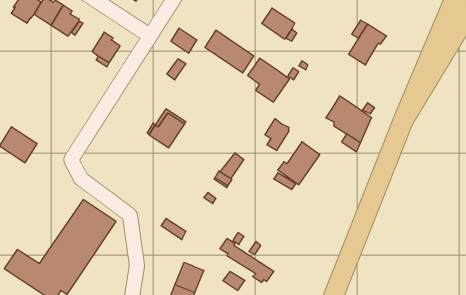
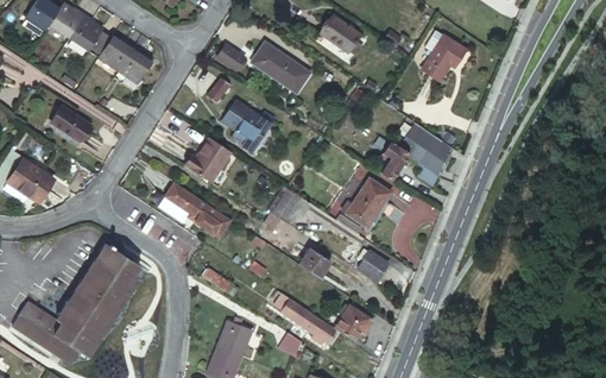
building: none -> [100,34,133,68]
building: [248,58,289,102] -> [222,99,272,151]
building: none -> [51,108,89,141]
building: [265,119,289,150] -> [378,141,406,179]
building: none -> [165,183,233,239]
building: none -> [353,246,387,281]
building: none -> [297,247,329,277]
building: none -> [334,304,372,340]

